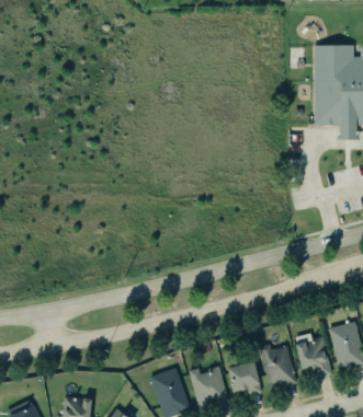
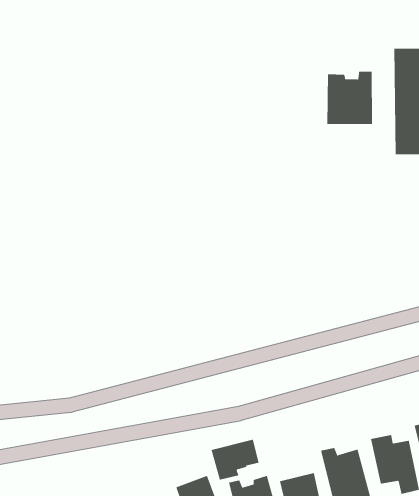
building: none -> [327,71,372,125]
building: none -> [211,439,259,481]

